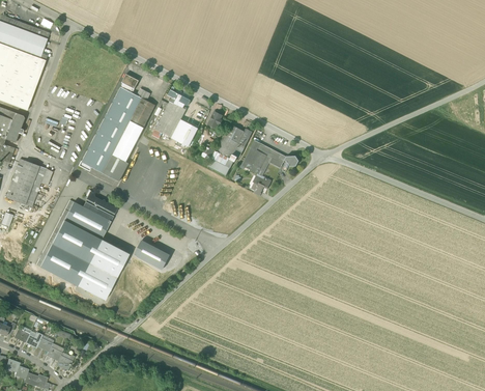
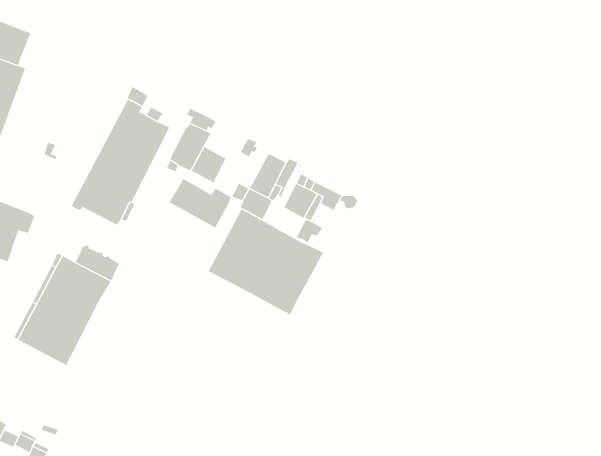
building: none -> [169,178,232,229]
building: none -> [208,209,324,315]
building: [77,240,129,301] -> none
building: [134,241,170,270] -> none

